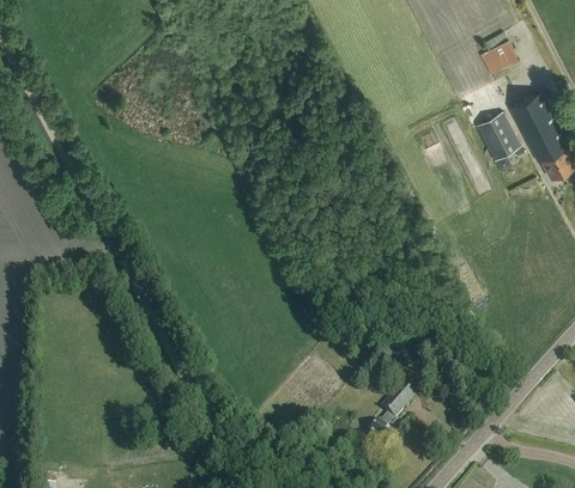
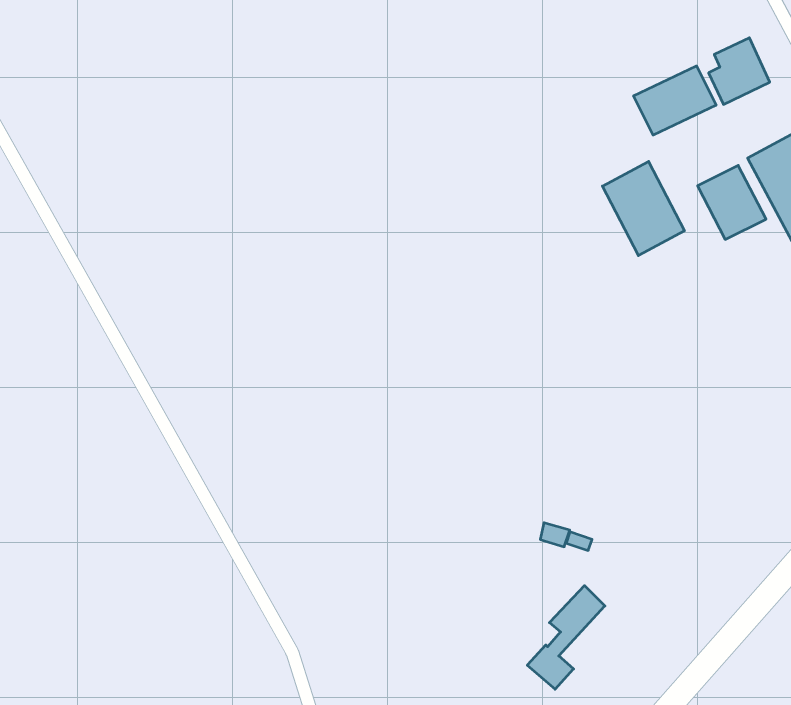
building: none -> [634,66,716,135]
building: none -> [602,161,684,256]

